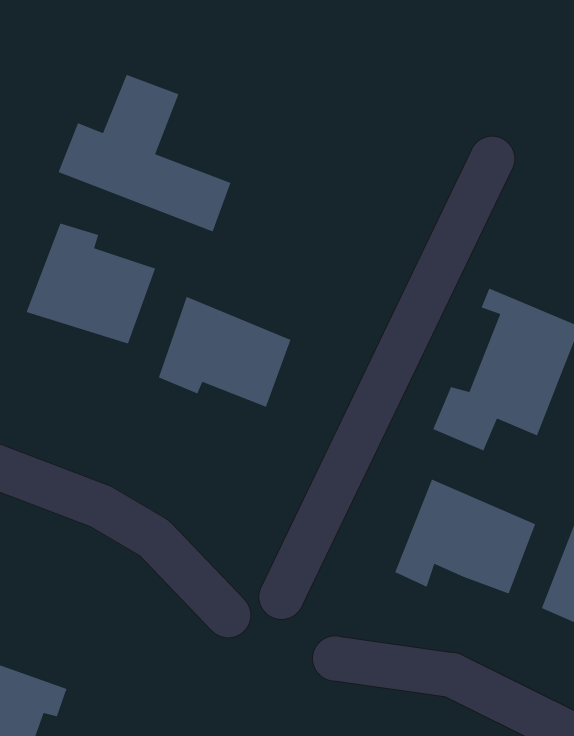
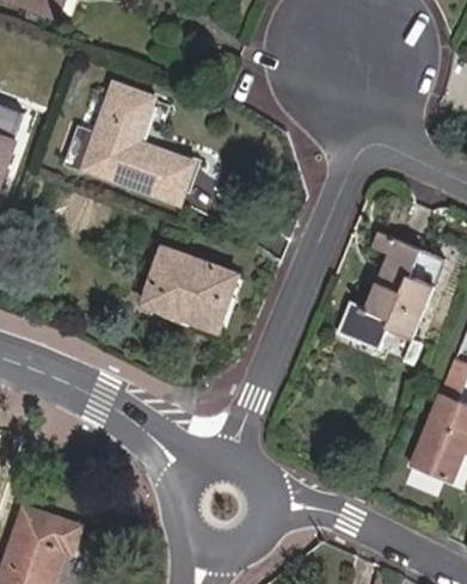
building: [25,222,156,345] -> none
building: [394,479,536,595] -> none

